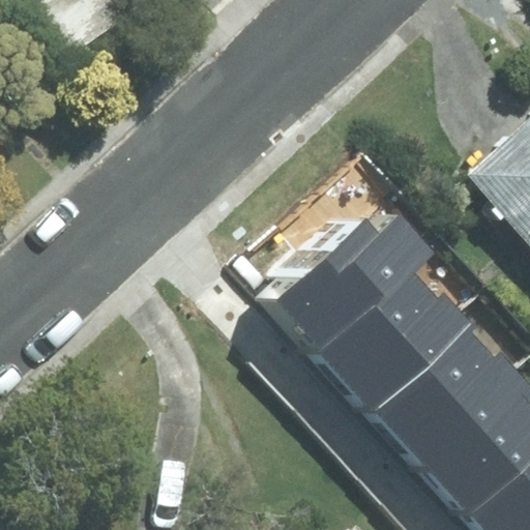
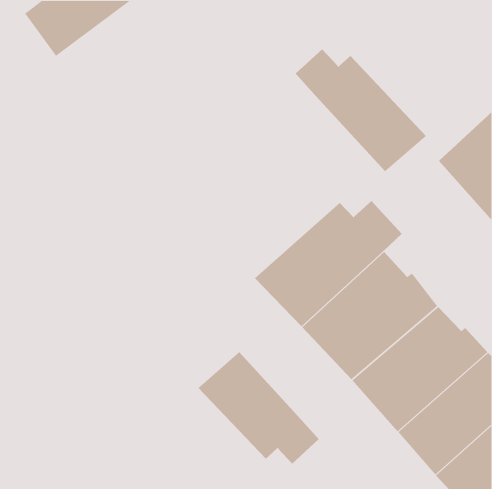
building: none -> [295,48,427,172]
building: none -> [197,351,319,464]

